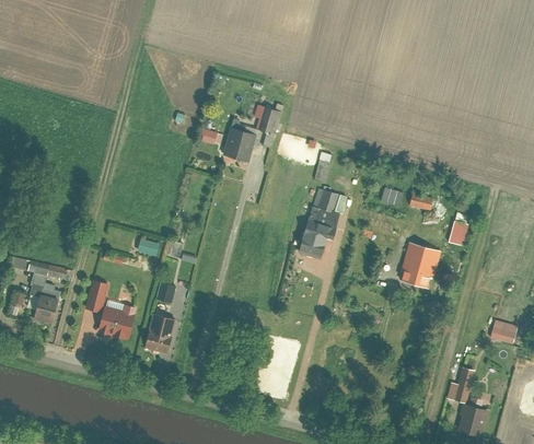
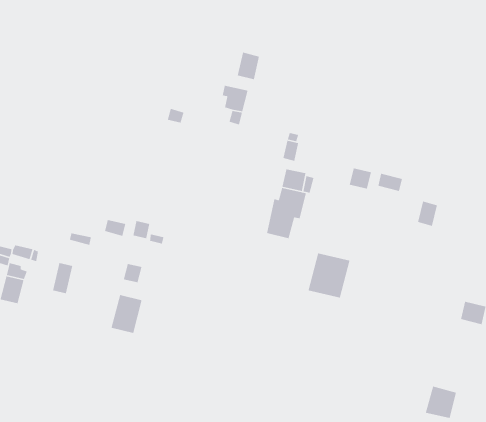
building: none -> [237,51,260,80]
building: [222,127,255,161] -> none
building: [398,242,441,288] -> [307,252,350,299]
building: [98,306,135,339] -> none
building: [446,366,474,402] -> none

